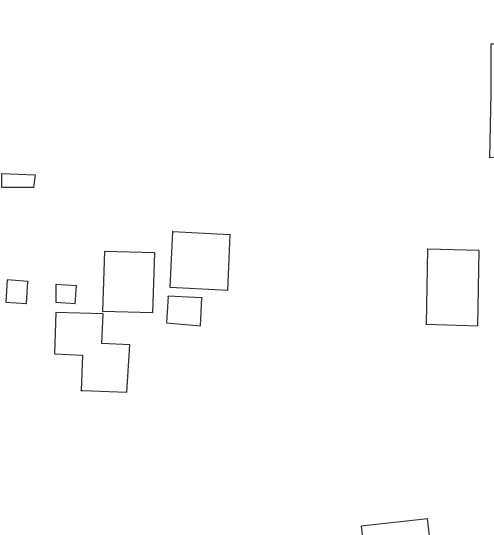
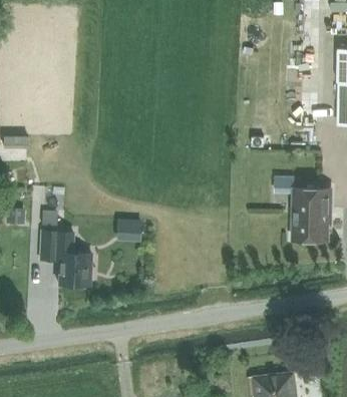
building: [170,231,230,290] -> none
building: [103,251,155,313] -> none

